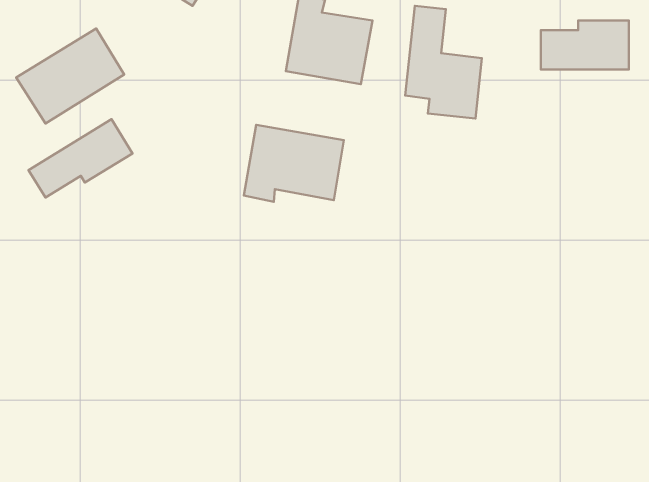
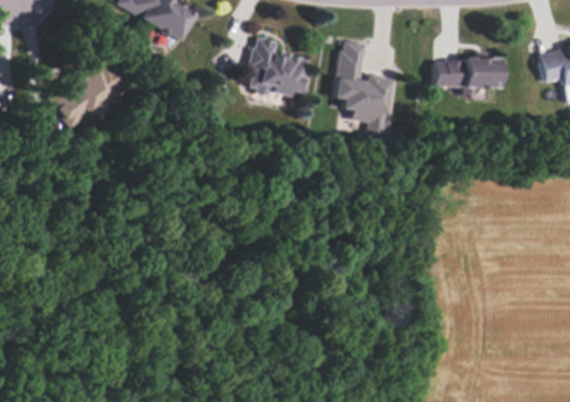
building: [29,119,132,197] -> none
building: [244,125,344,202] -> none

